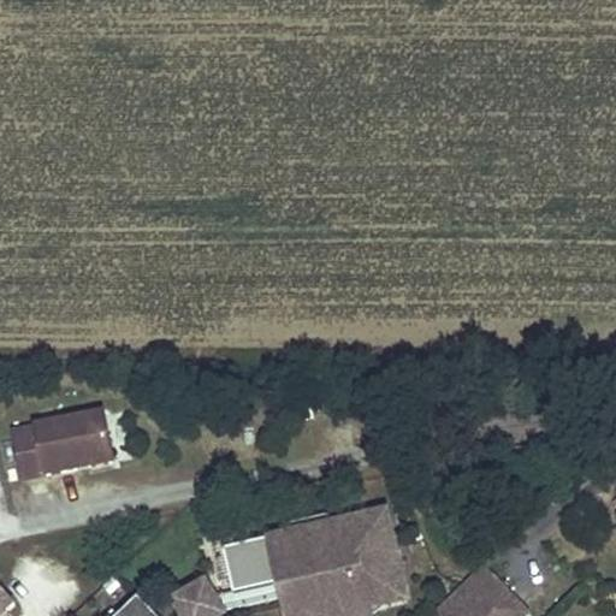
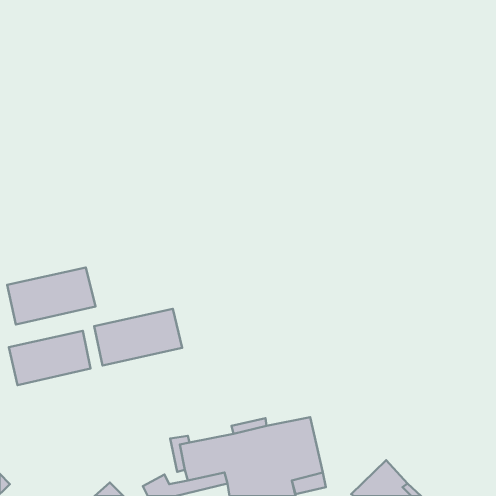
building: none -> [7,267,95,324]
building: none -> [94,309,182,366]

